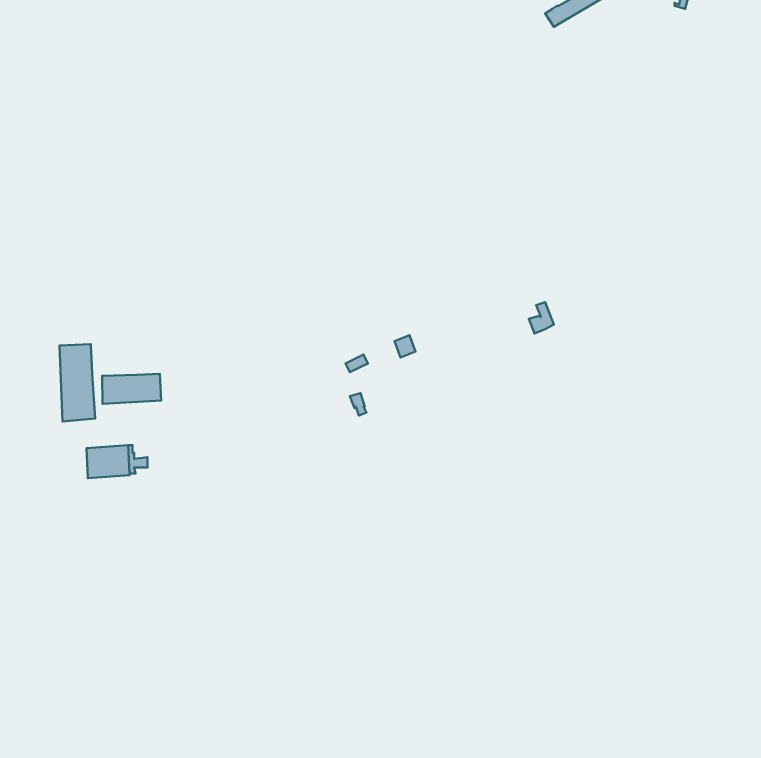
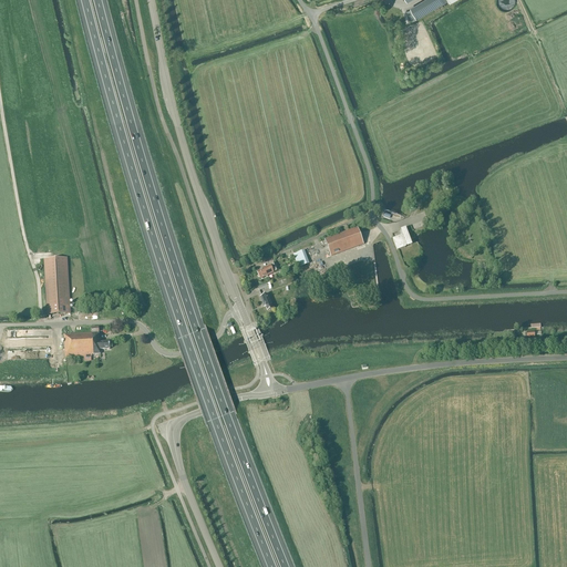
building: none -> [324,226,364,255]
building: [102,374,161,404] -> none

